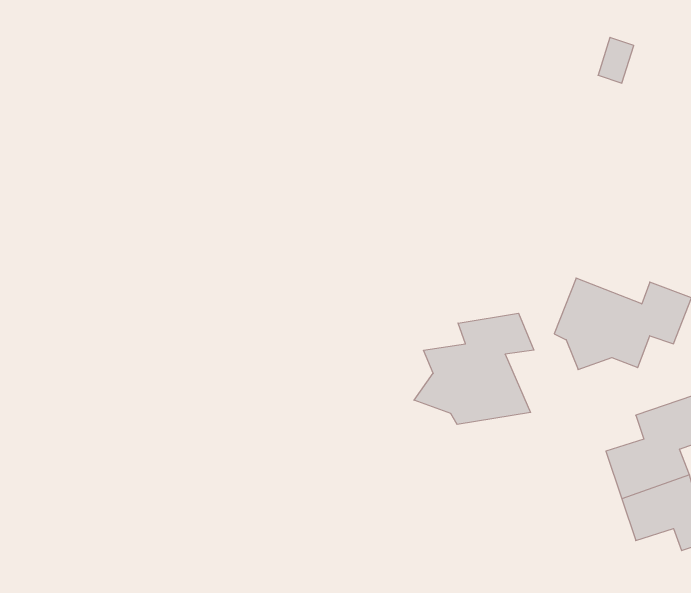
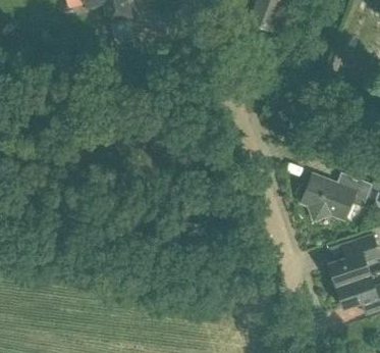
building: [414,313,534,424] -> none

